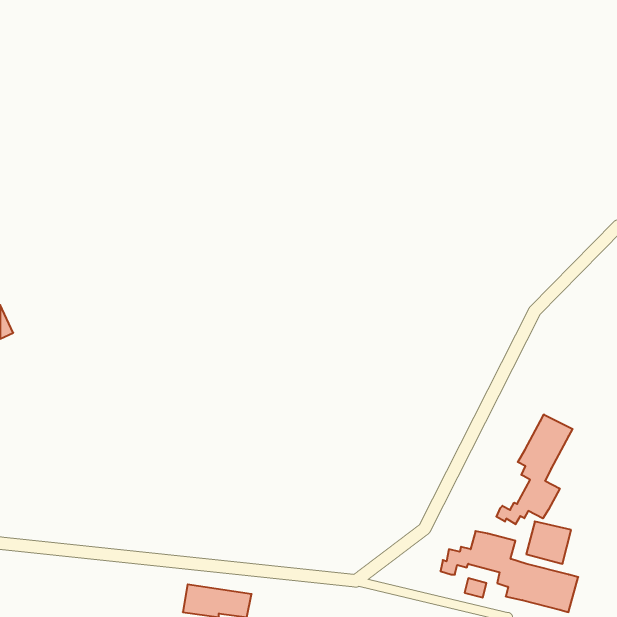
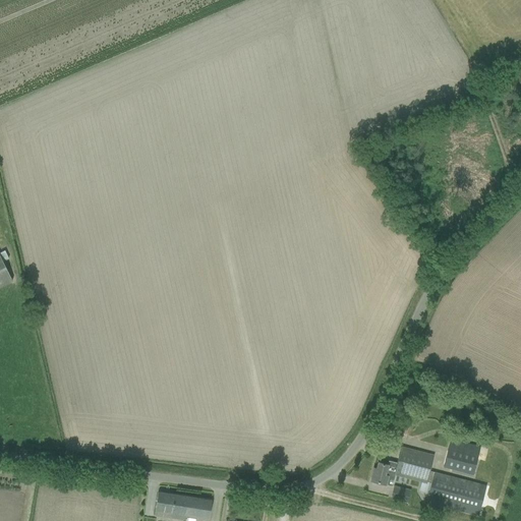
building: [496,414,573,524] -> none

